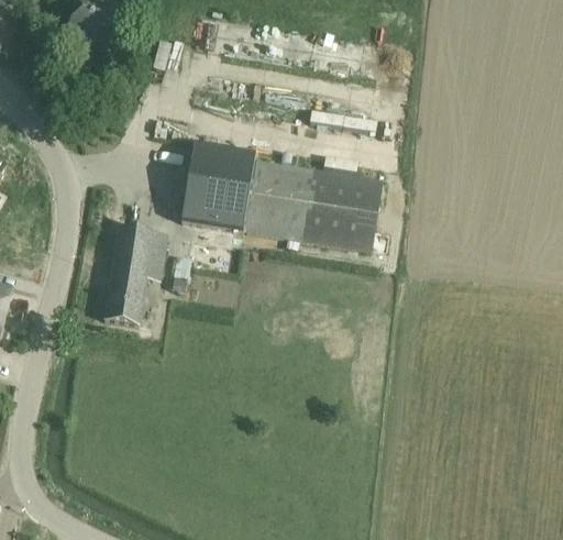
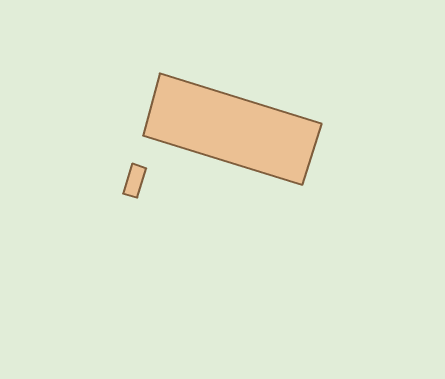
building: [104,225,167,323] -> none

